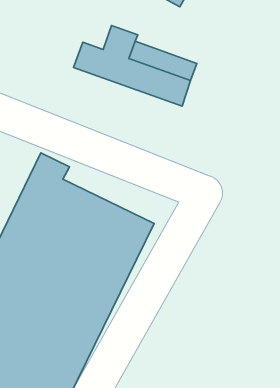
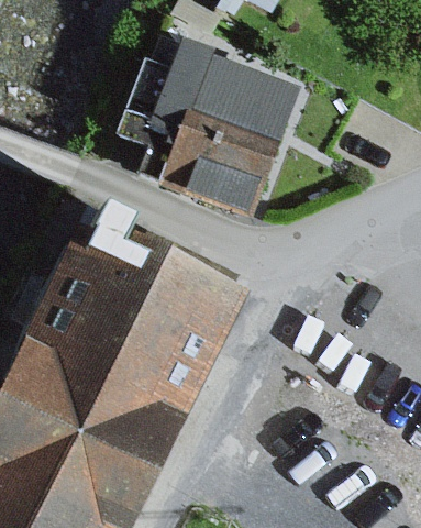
building: none -> [118,94,277,216]

